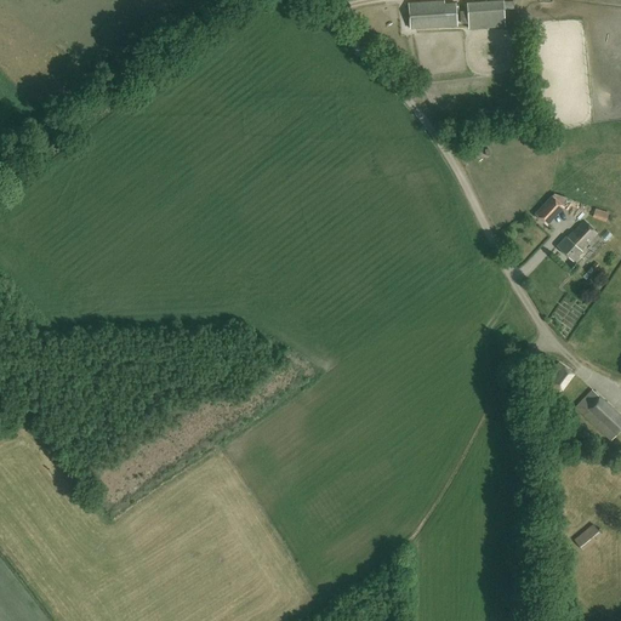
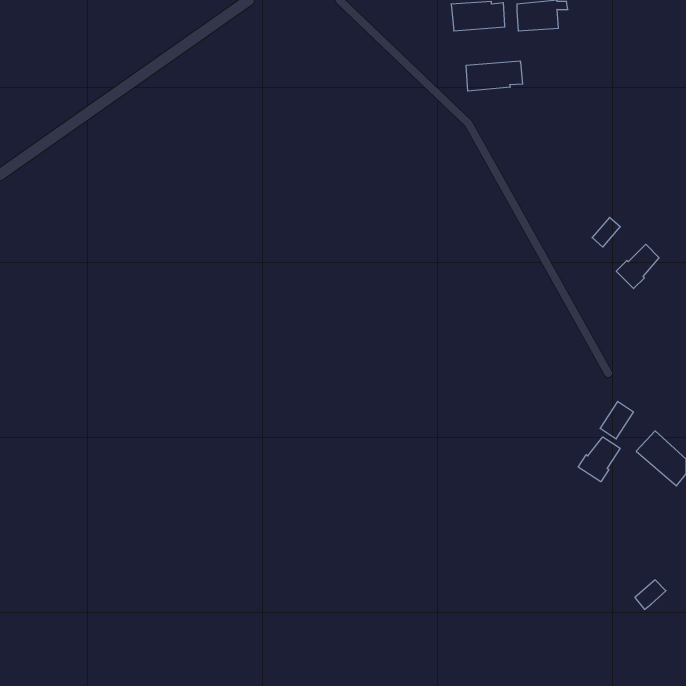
building: none -> [466,61,523,91]
building: none -> [578,437,620,482]

